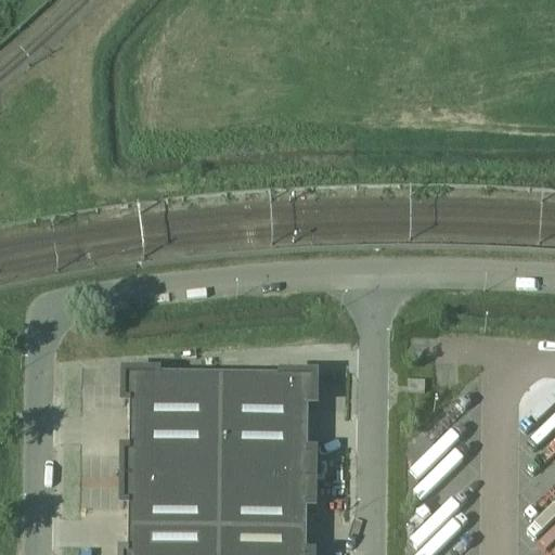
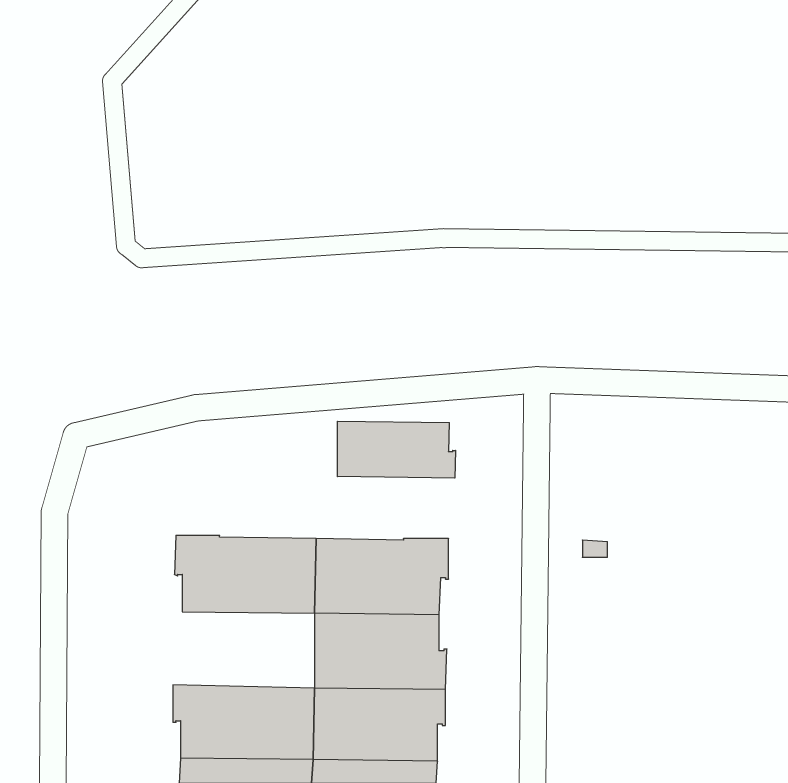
building: none -> [337,421,456,478]
building: [126,426,224,479] -> none

